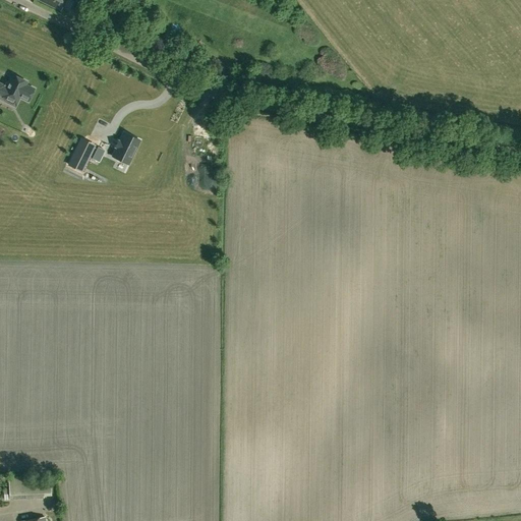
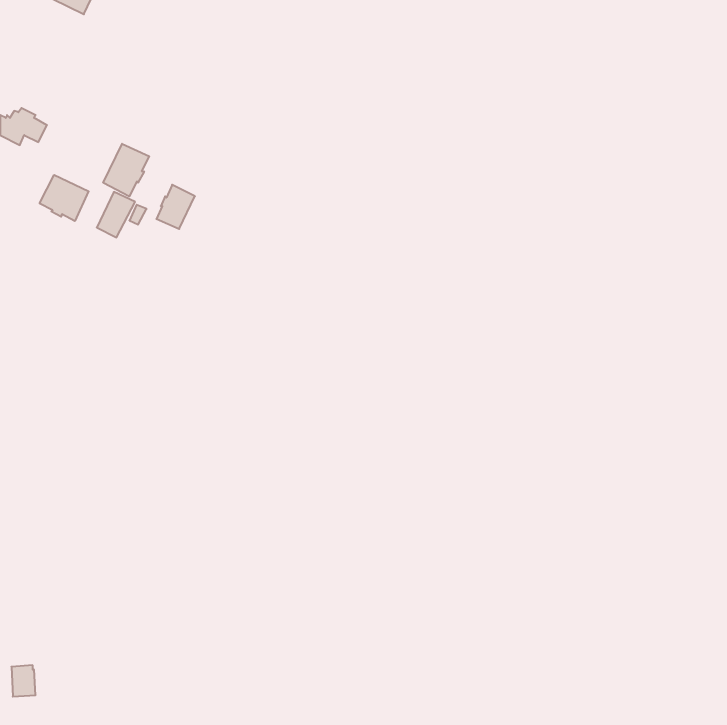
building: none -> [103,144,149,196]
building: none -> [40,175,89,221]

